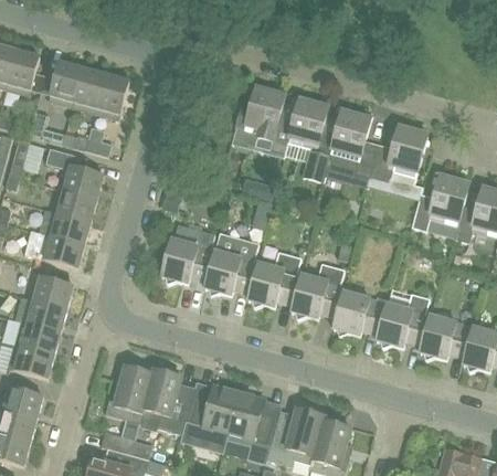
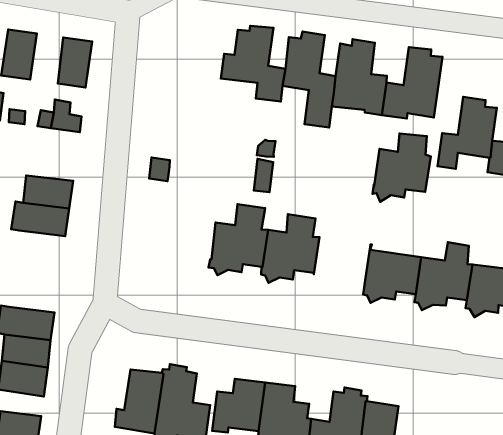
building: [72,67,105,113] -> none
building: [45,148,103,198] -> none
building: [160,223,214,284] -> none
building: [39,234,84,268] -> none
building: [290,263,345,319] -> [373,133,431,202]
building: [28,274,73,308] -> none

